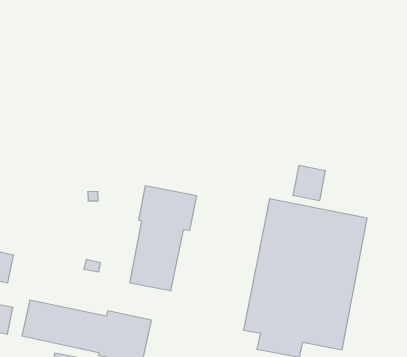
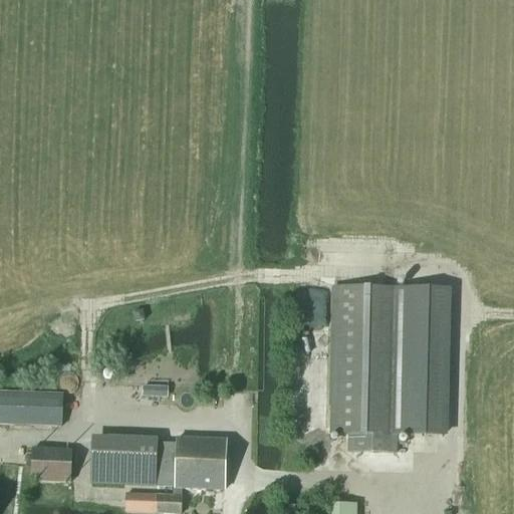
building: [293,165,325,201] -> none
building: [130,186,196,291] -> none

